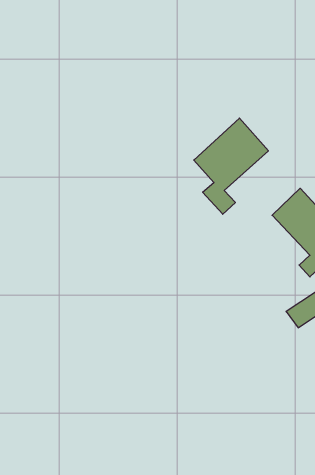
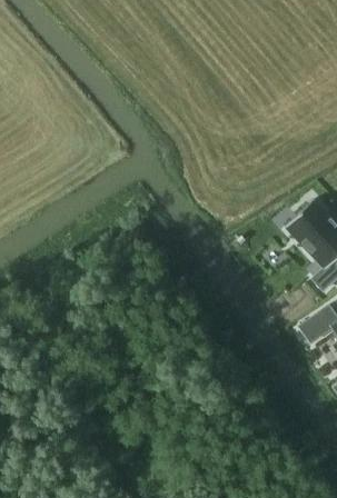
building: [194,118,268,214] -> none

